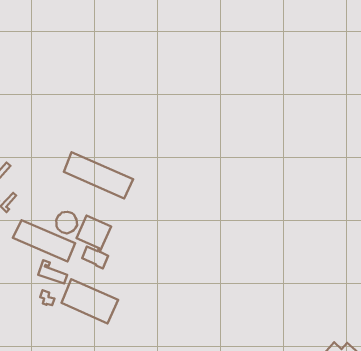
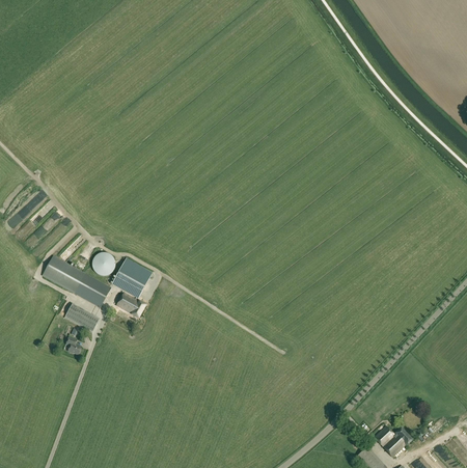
building: [64,152,133,199] -> none
building: [62,279,118,324] -> none

